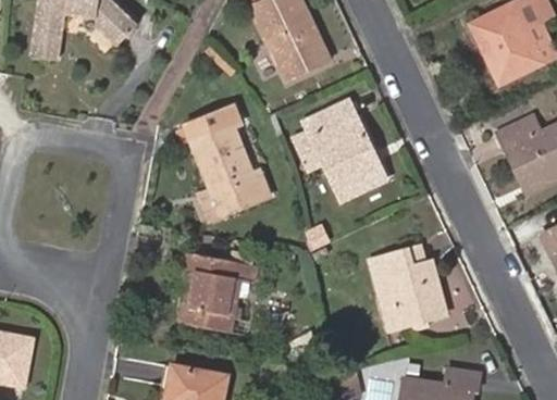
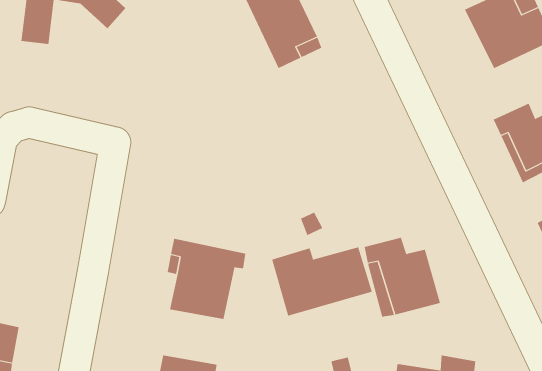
building: [304,101,385,198] -> none
building: [184,105,270,221] -> none
building: none -> [271,246,373,316]

